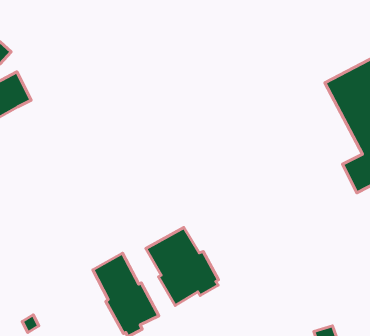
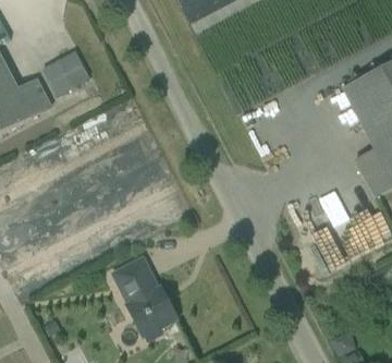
building: none -> [41,49,88,93]
building: [146,227,219,306] -> none

